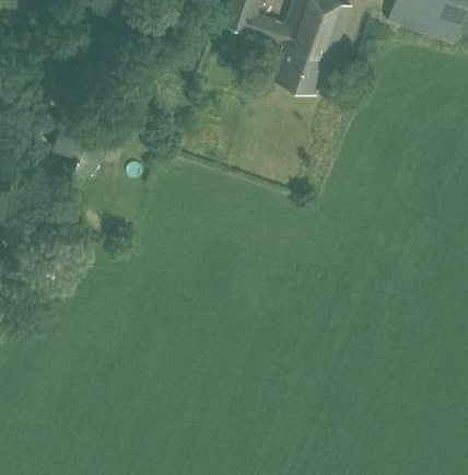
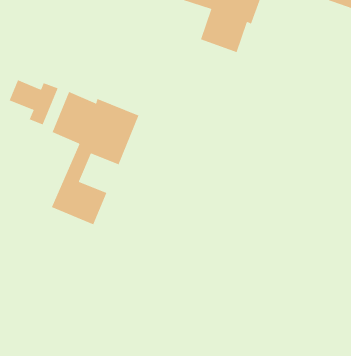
building: none -> [51,91,139,225]

